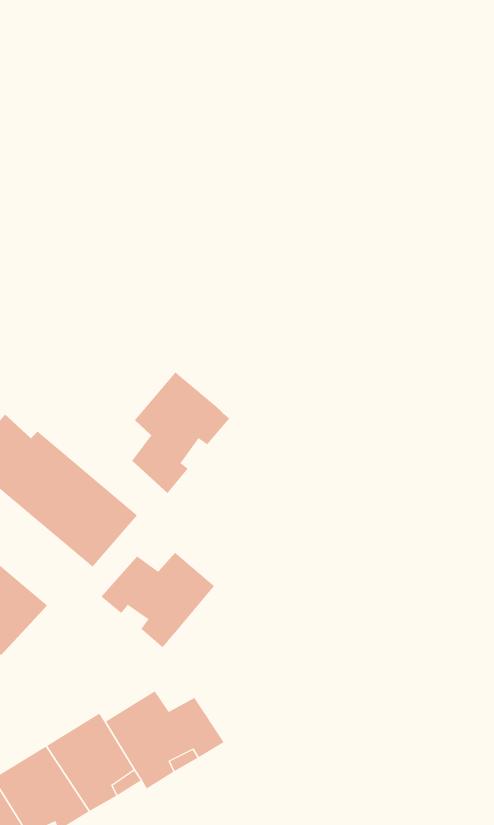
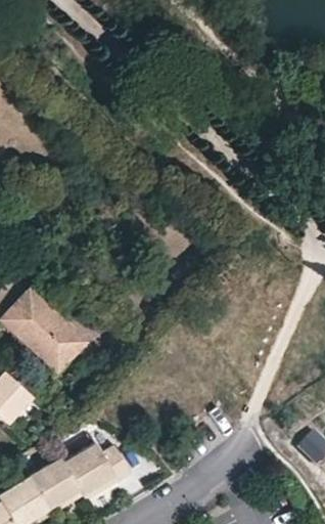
building: [131,372,230,494] -> none
building: [100,552,215,648] -> none

